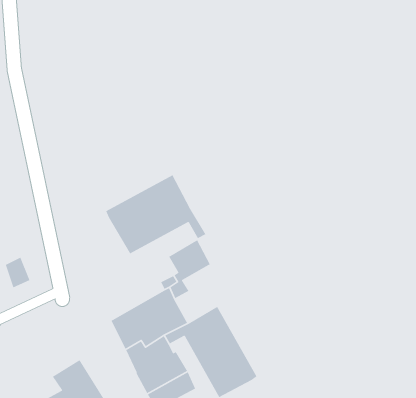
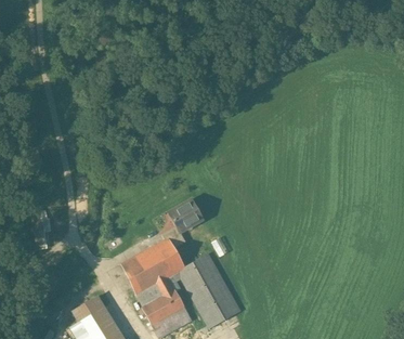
building: [105,174,206,255] -> none

